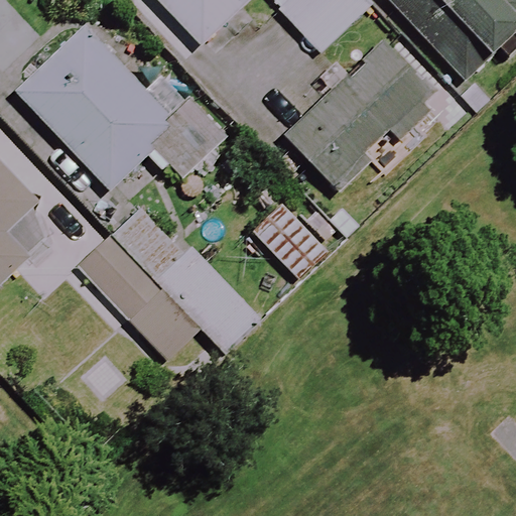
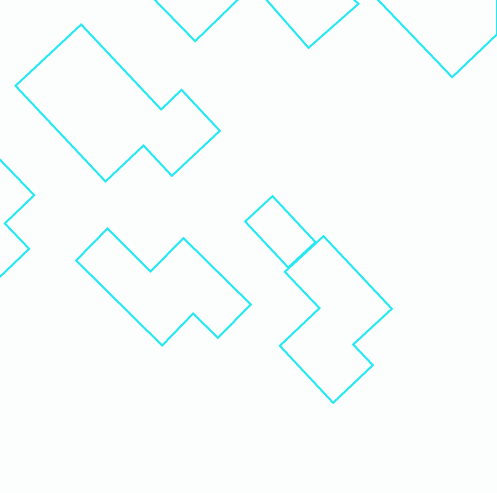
building: [286,40,438,189] -> none
building: none -> [280,236,392,403]

